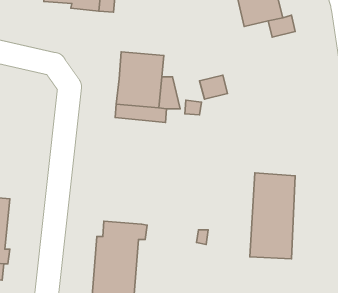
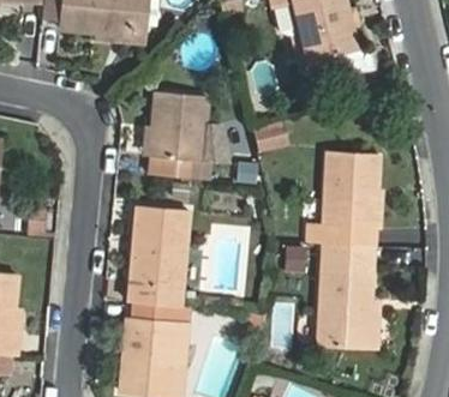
building: none -> [311,152,378,246]
building: none -> [128,206,190,306]

